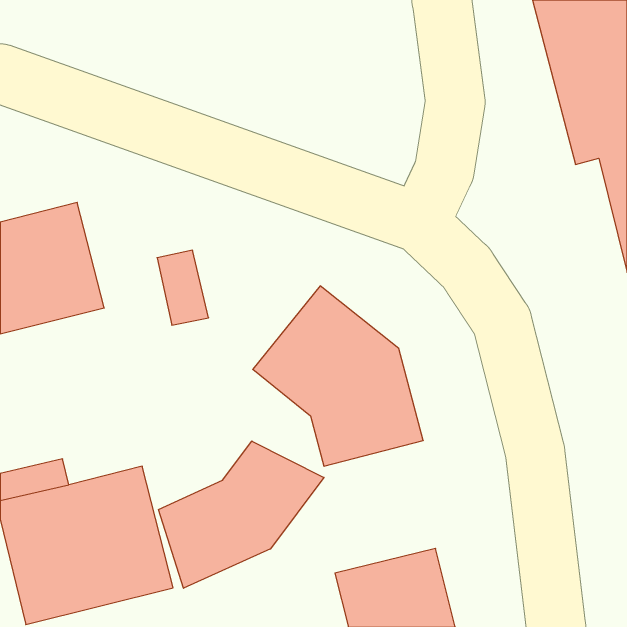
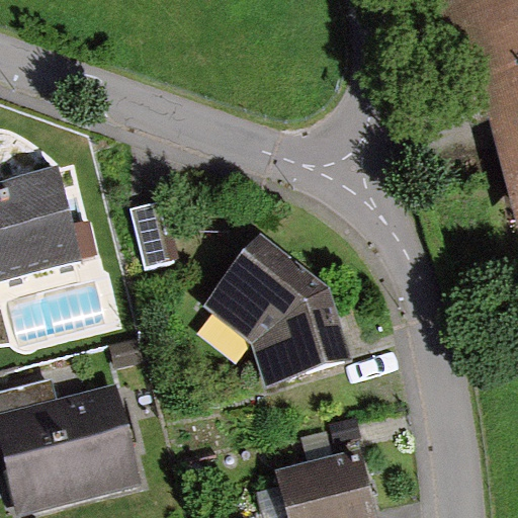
building: [159,441,324,588] -> none

